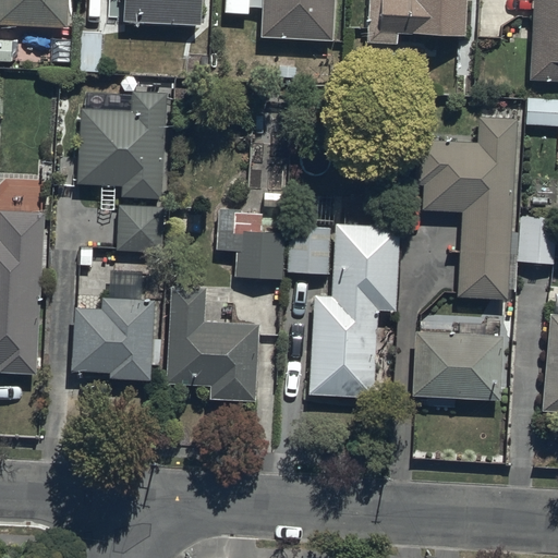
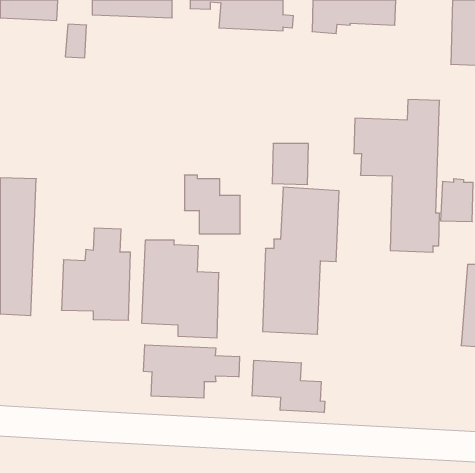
building: [80,89,166,197] -> none
building: [118,205,165,253] -> none
building: [286,227,328,275] -> [272,144,308,184]
building: [413,322,502,397] -> none
building: none -> [143,345,239,398]
building: none -> [252,360,325,413]

